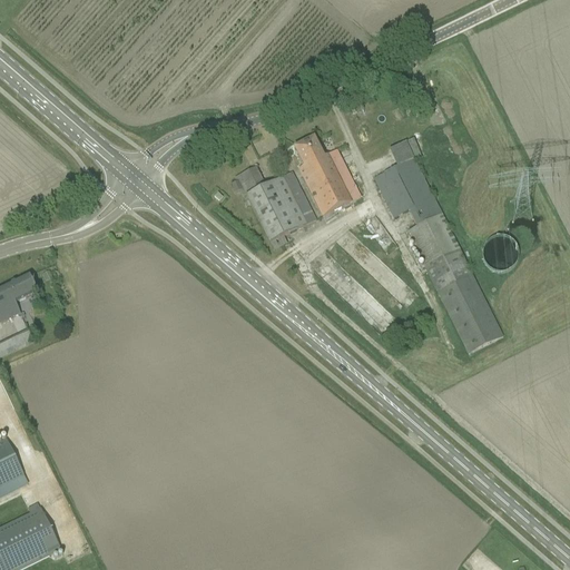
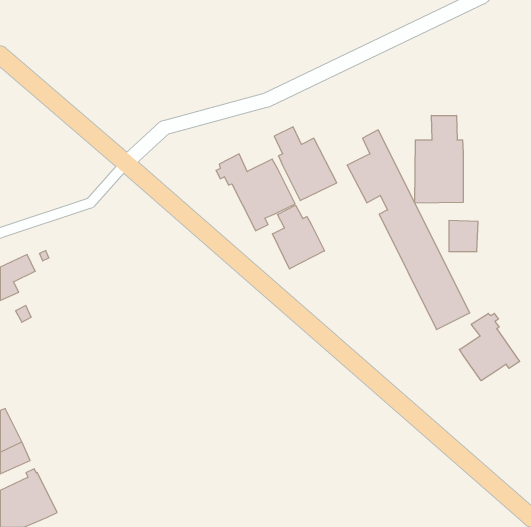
building: none -> [415,115,463,203]
building: none -> [272,205,325,269]
building: none -> [459,313,520,381]

